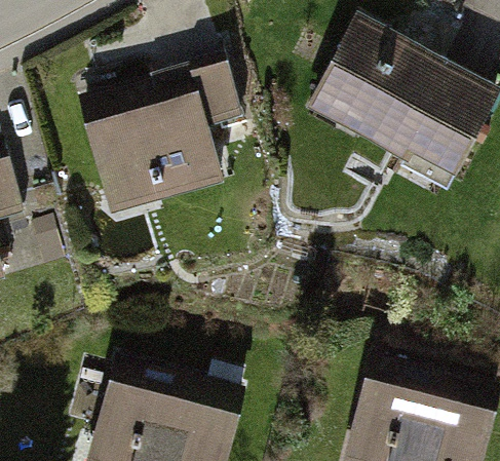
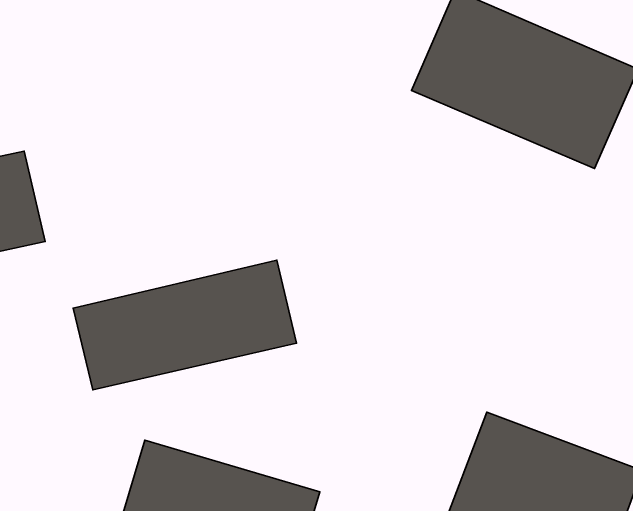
building: [94,66,257,218] -> none
building: none -> [73,260,296,390]

